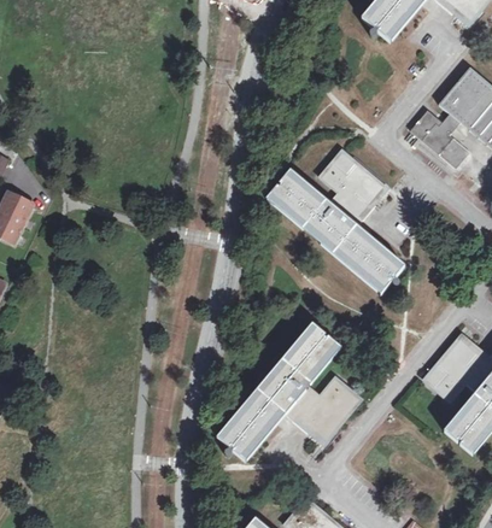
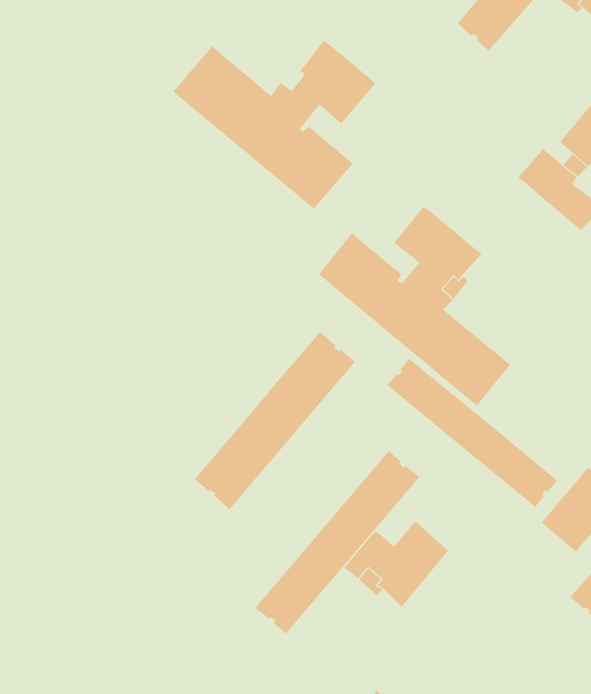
building: none -> [172,39,376,209]
building: none -> [194,331,356,510]
building: none -> [386,358,558,508]

